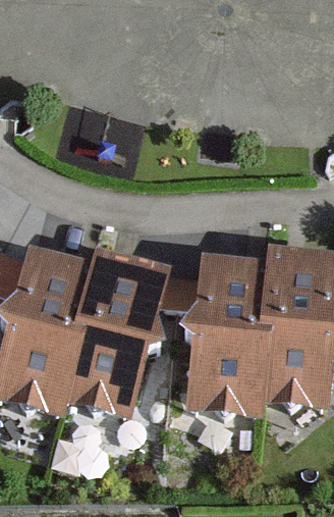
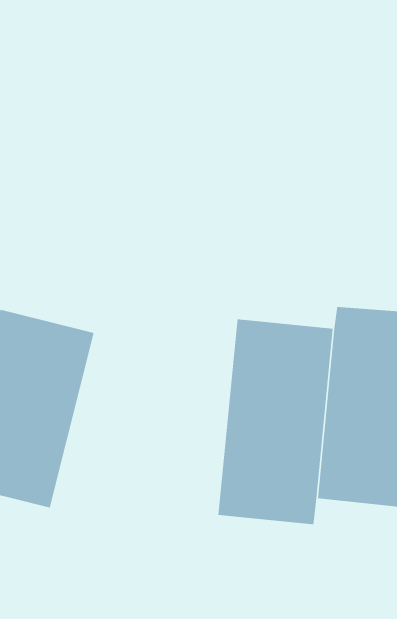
building: [66,260,164,412] -> none

